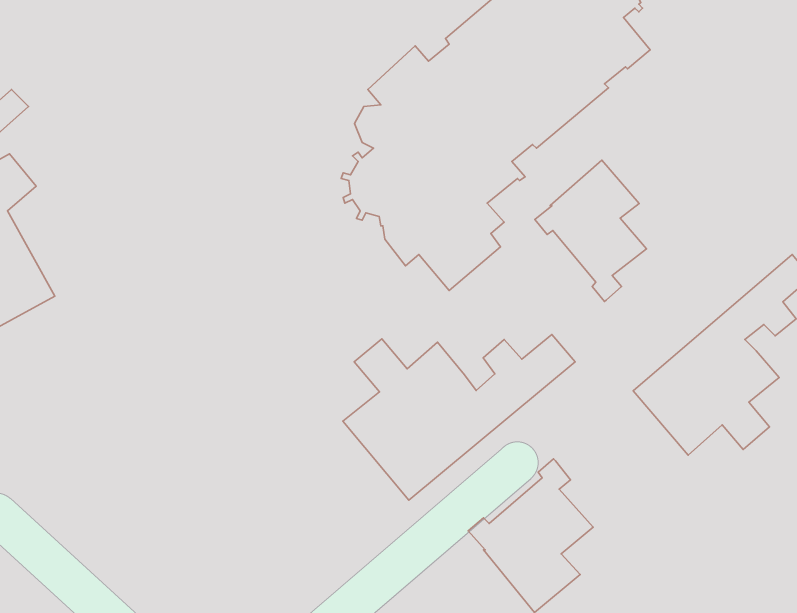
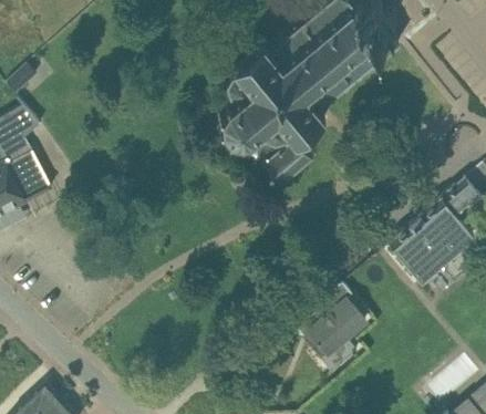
building: [535,160,646,301] -> none
building: [343,334,575,500] -> none

